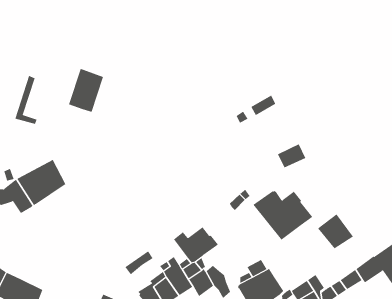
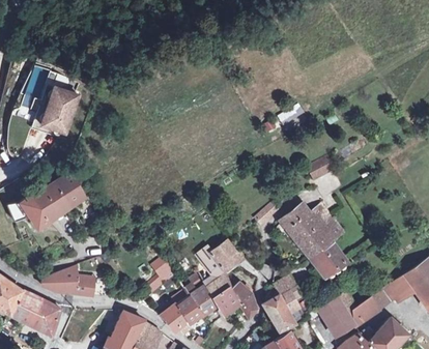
building: [68,68,104,113] -> [40,87,78,134]
building: [317,214,354,249] -> [310,241,348,279]
building: none -> [42,265,94,295]

